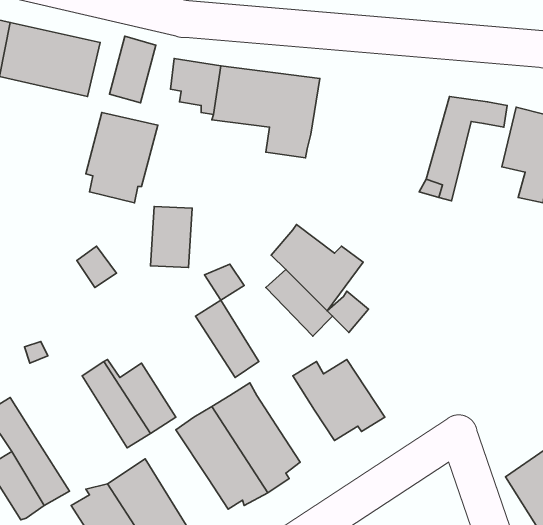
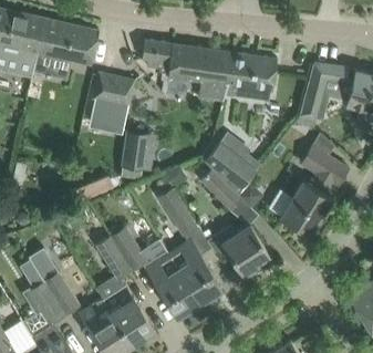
building: [109,36,156,103] -> none
building: none -> [226,52,277,101]
building: none -> [280,146,349,235]

